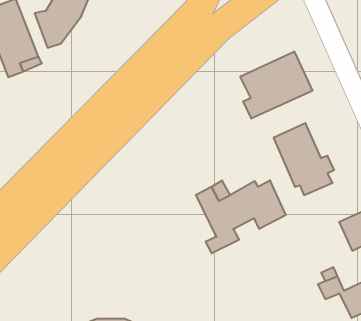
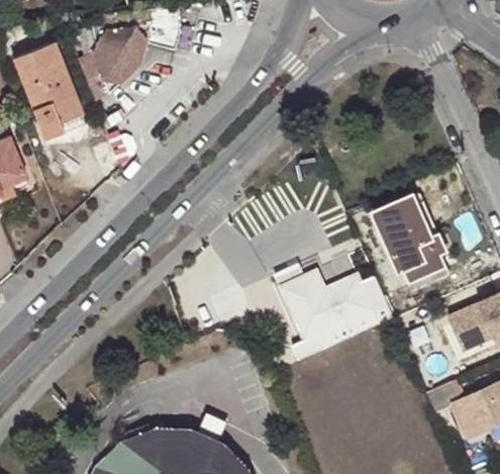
building: [240,51,312,119] -> none

